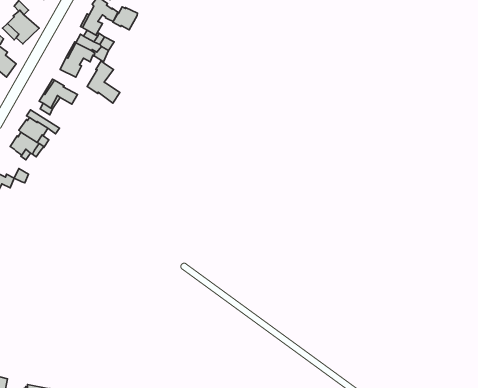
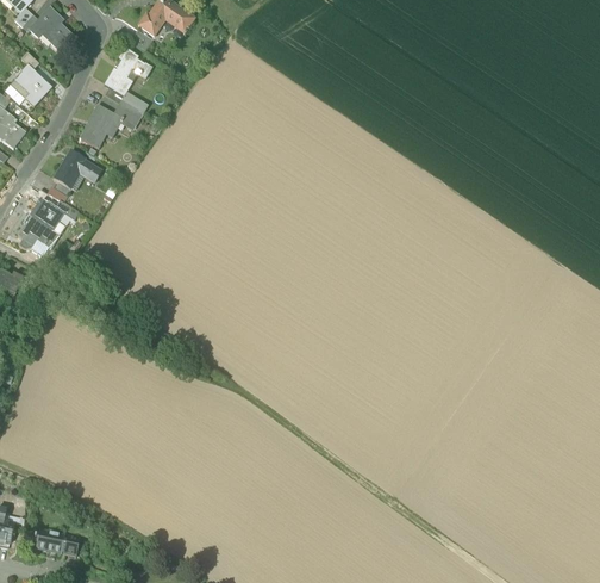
building: [113,7,138,30] -> none
building: [87,61,120,103] -> none

